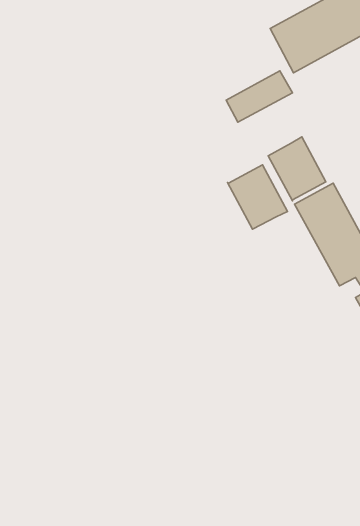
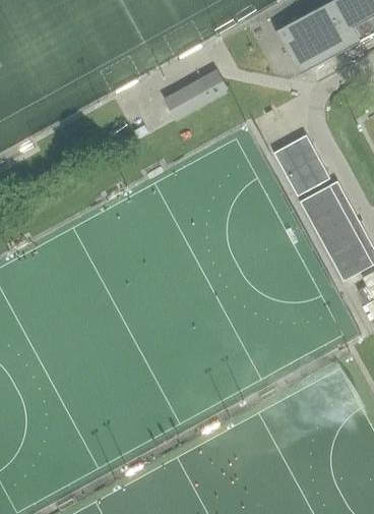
building: [226,71,292,122] -> [164,69,228,119]
building: [227,165,288,229] -> none

